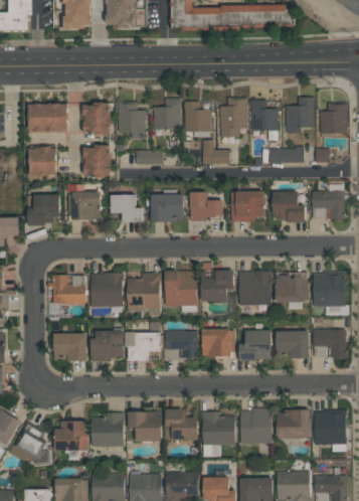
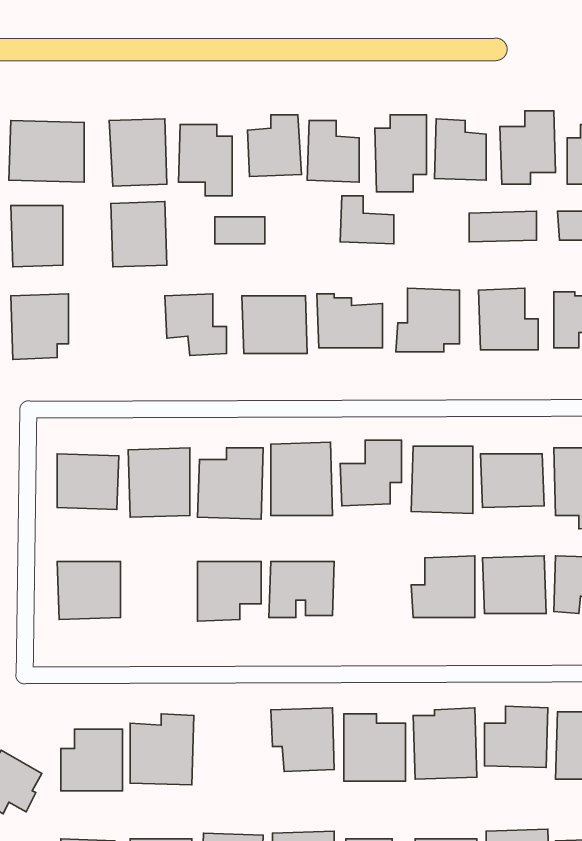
building: [67,189,101,221] -> none
building: [201,326,230,356] -> none
building: [91,330,124,360] -> none
building: [128,408,161,442] -> none

